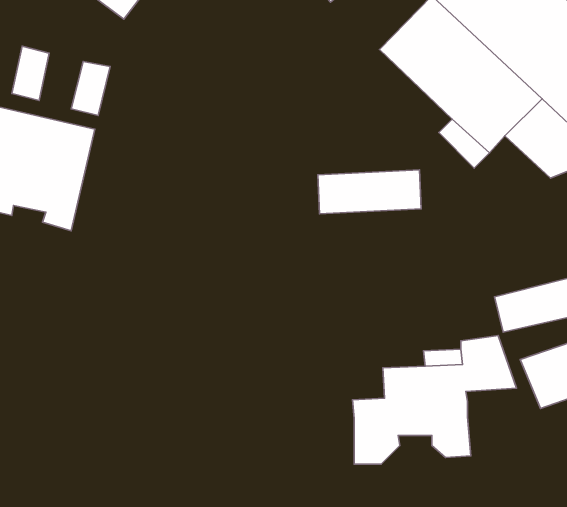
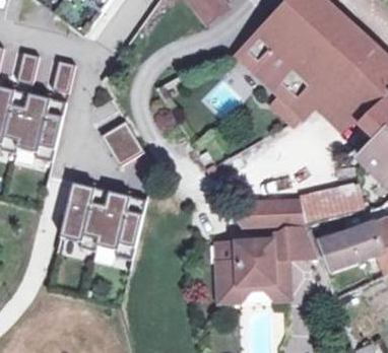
building: none -> [100,119,143,165]
building: [318,170,421,214] -> [242,199,304,225]
building: none -> [59,182,145,259]

